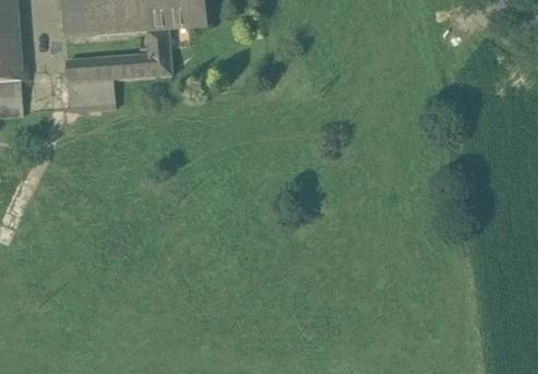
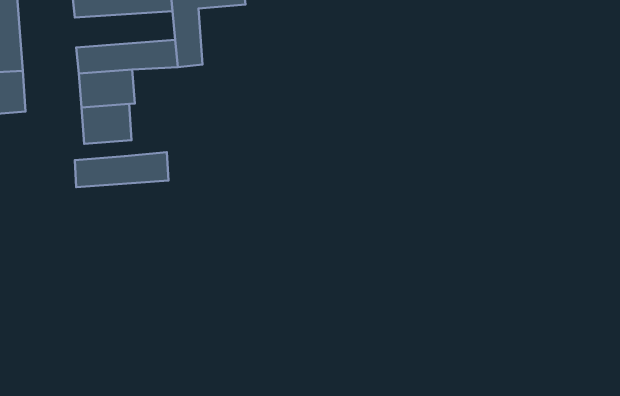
building: none -> [82,104,132,144]
building: none -> [75,152,168,187]

